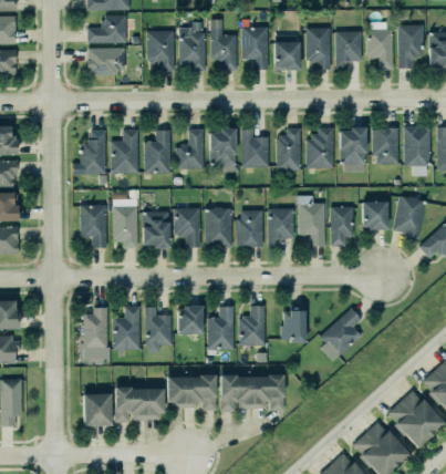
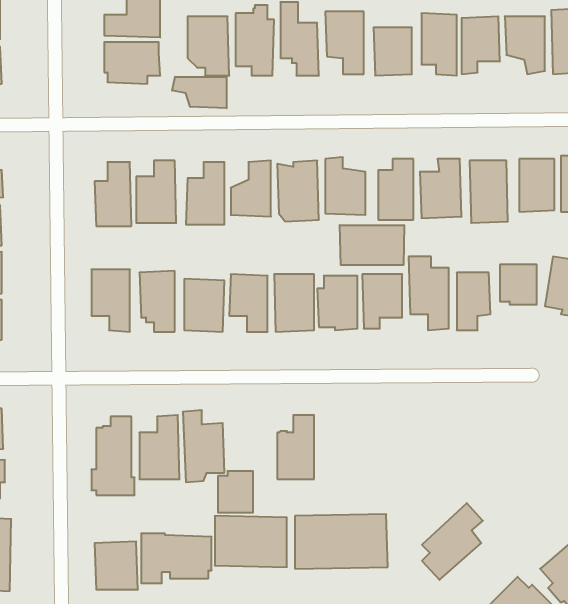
building: none -> [172,77,227,108]
building: none -> [340,225,404,265]
building: [176,306,200,334] -> [218,471,253,513]
building: [318,306,360,359] -> [422,503,483,580]
building: [239,307,266,346] -> none
building: [282,307,307,342] -> none

